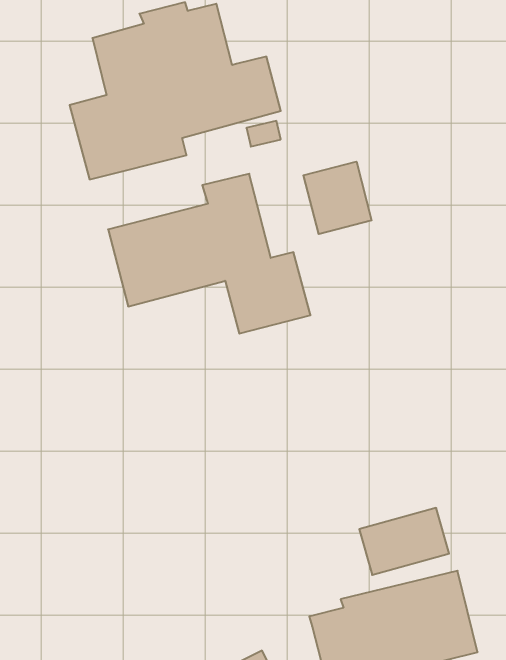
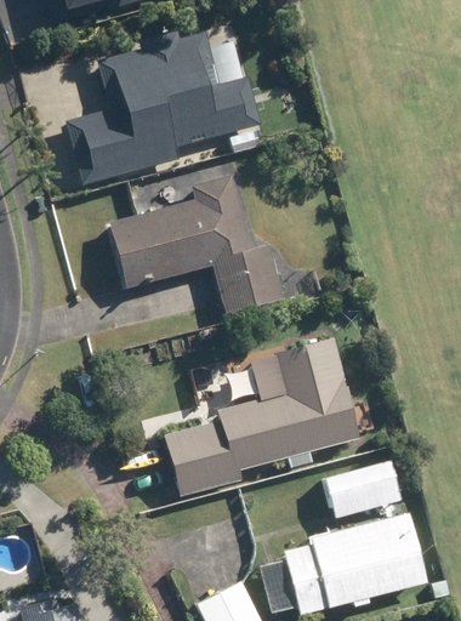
building: [303,162,372,234] -> none
building: none -> [161,337,359,496]

